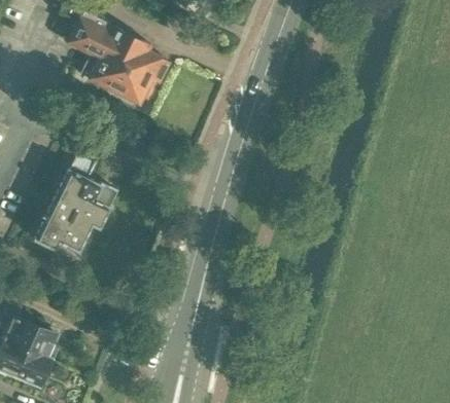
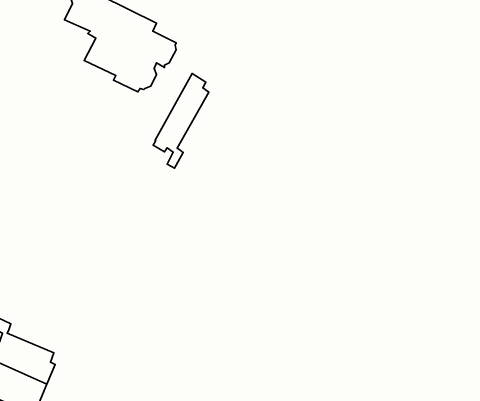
building: none -> [153,74,209,168]
building: [33,154,114,251] -> none

